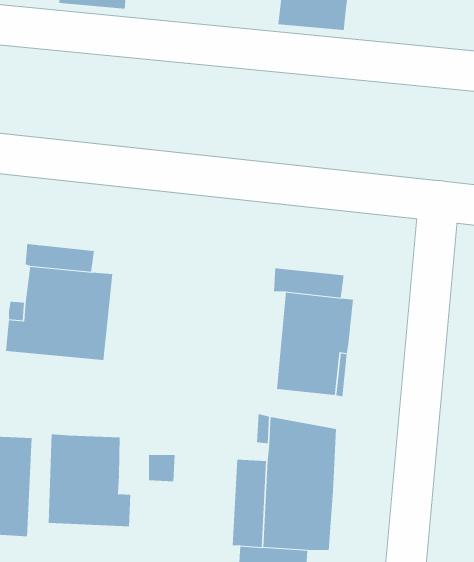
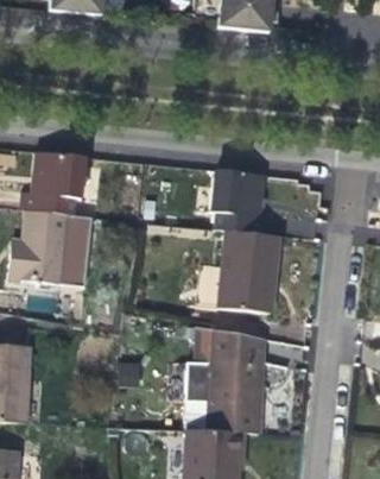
building: none -> [33,153,87,200]
building: none -> [211,172,267,218]
building: [48,434,131,527] -> none

